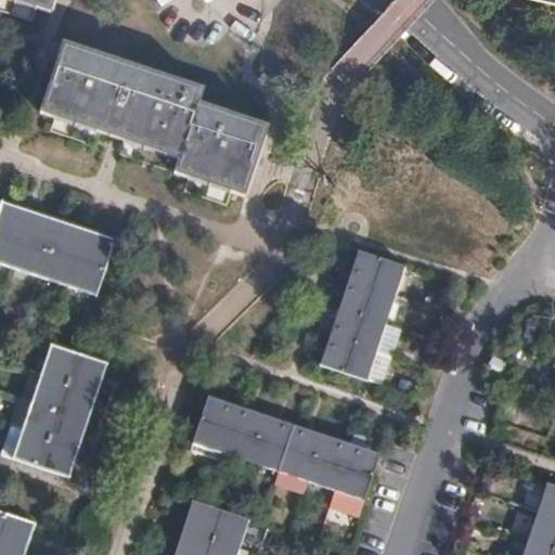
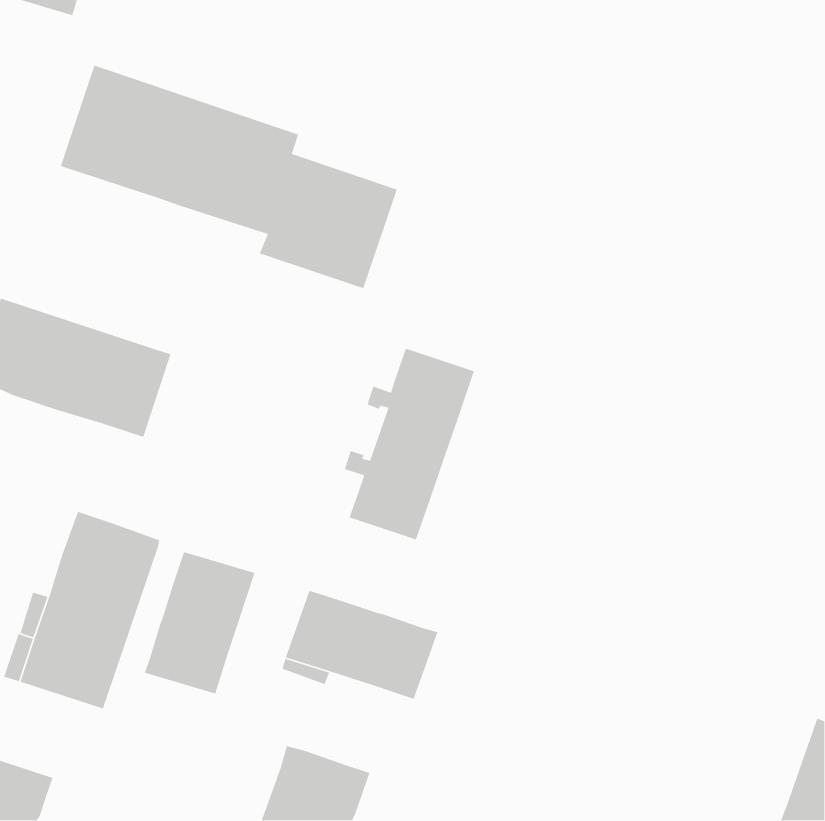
building: [317,249,404,378] -> [344,348,475,541]
building: none -> [144,551,255,695]
building: [278,424,379,512] -> none

